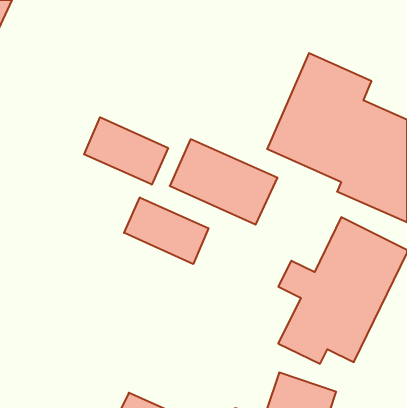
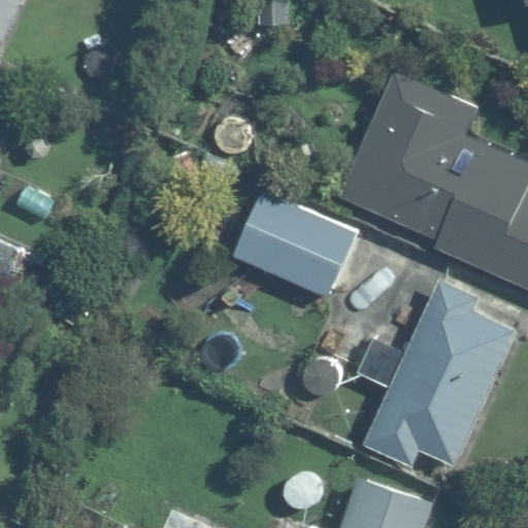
building: [84,117,168,185] -> none
building: [124,197,208,264] -> none

